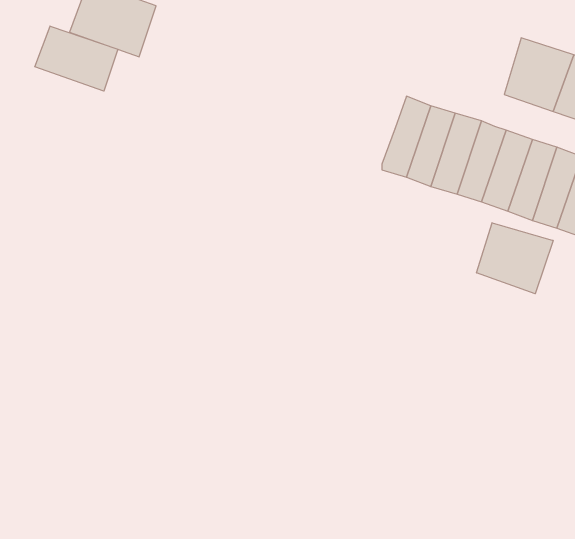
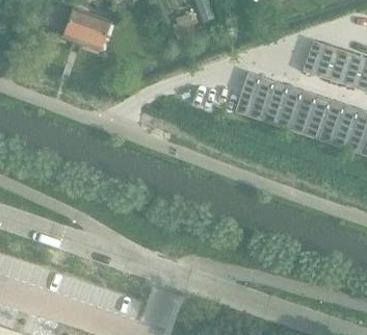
building: [35,26,118,91] -> none
building: [477,223,553,294] -> none

